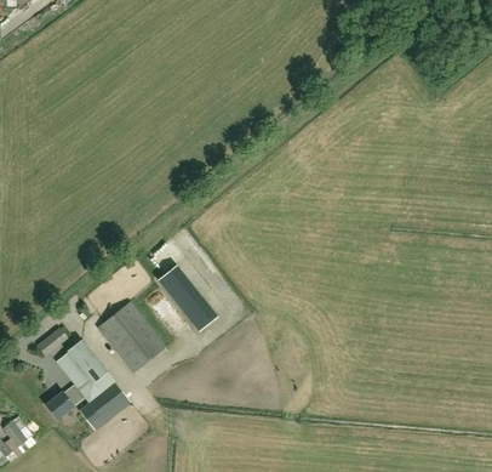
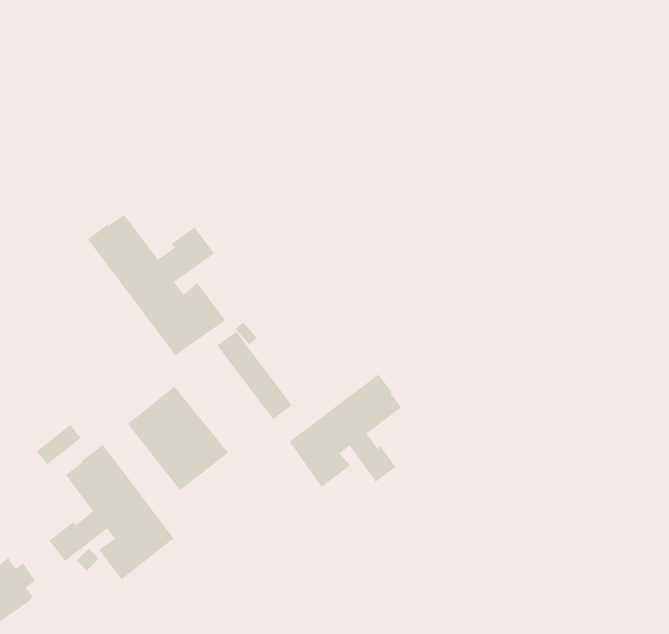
building: none -> [87,214,226,356]
building: none -> [289,373,402,488]

